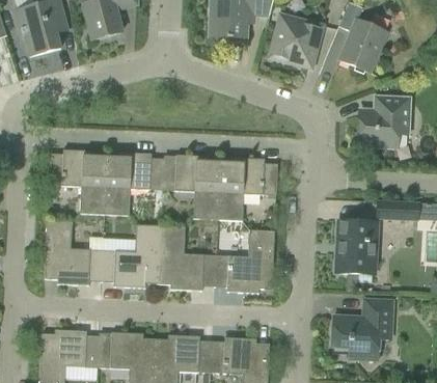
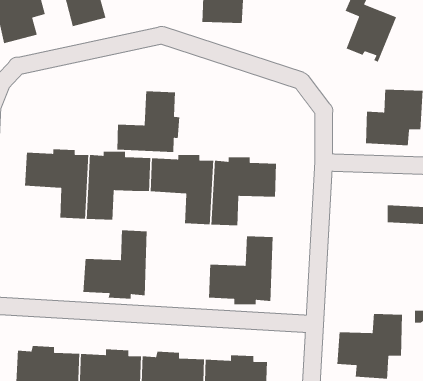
building: [272,20,323,63] -> none
building: none -> [116,91,180,153]
building: [44,219,103,283] -> none
building: [335,219,378,274] -> none
building: [158,224,216,289] -> none

